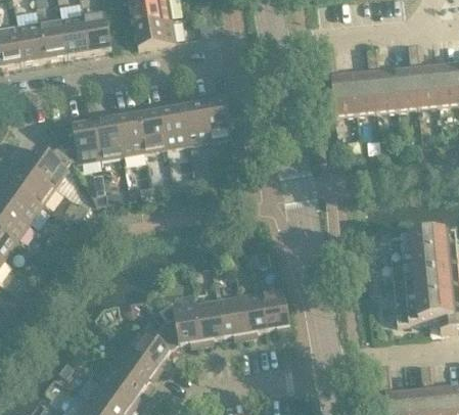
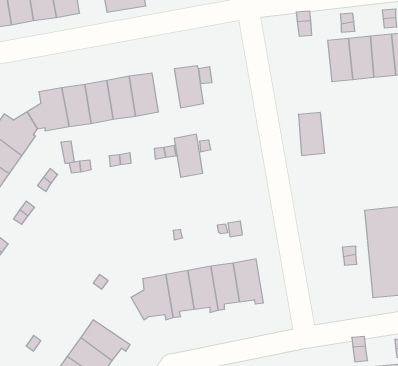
building: [330,75,356,117] -> [298,112,325,155]
building: [181,102,209,144] -> [174,134,203,177]
building: [124,325,173,371] -> none

